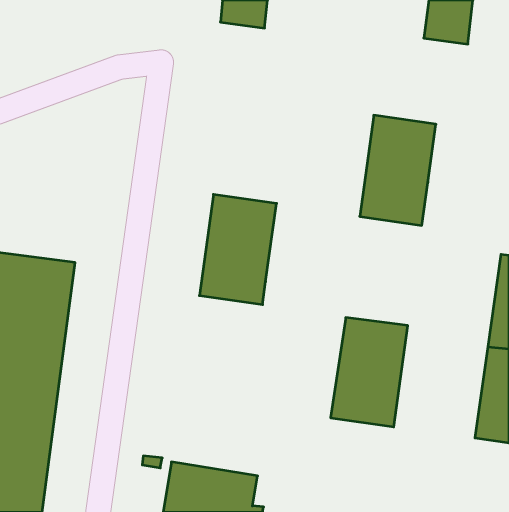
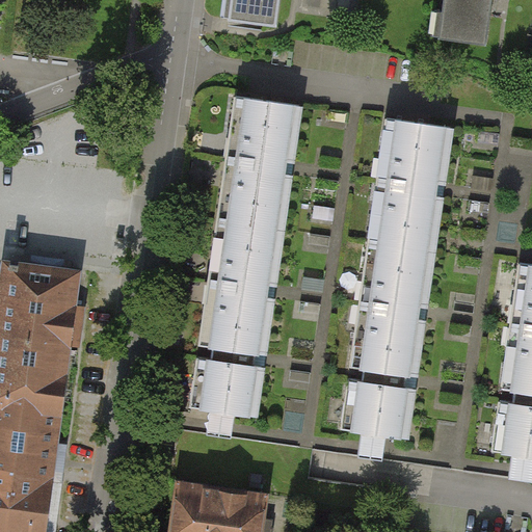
building: none -> [221,98,301,211]
building: none -> [358,224,437,338]
building: none -> [192,307,272,420]

